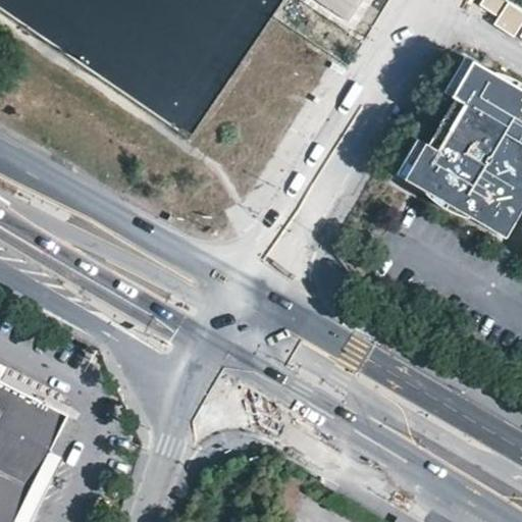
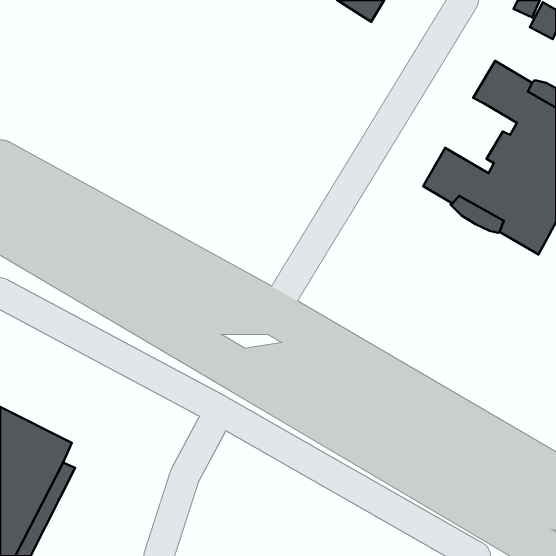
building: [426,97,484,162] -> none

